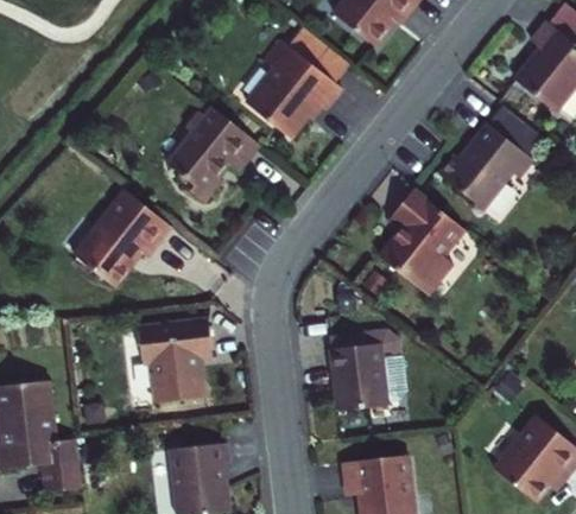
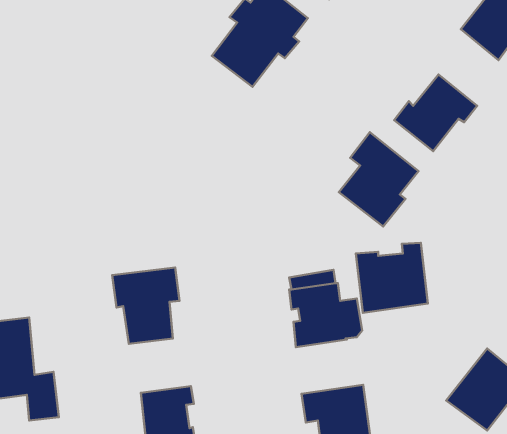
building: [169,104,260,198] -> none
building: [77,196,173,292] -> none
building: none -> [356,243,428,313]

